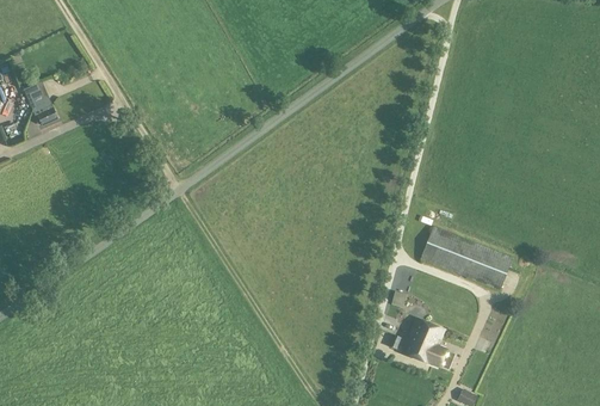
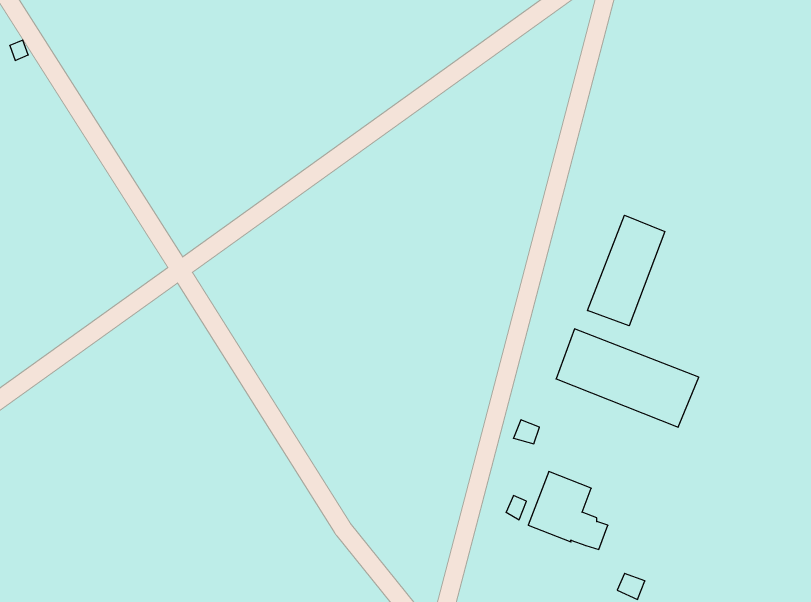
building: none -> [588,215,665,326]

